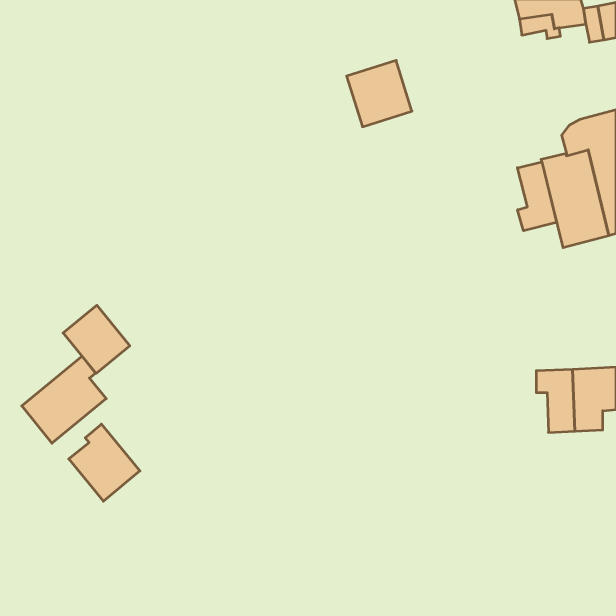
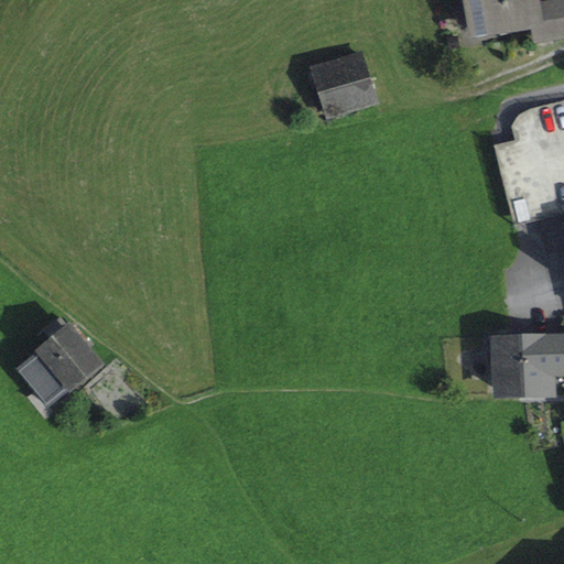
building: [517,162,557,231] -> none
building: [63,305,130,373] -> none
building: [69,424,140,501] -> none

